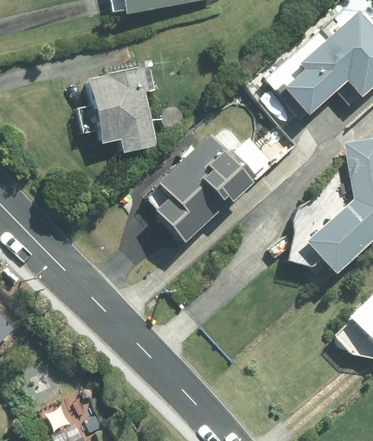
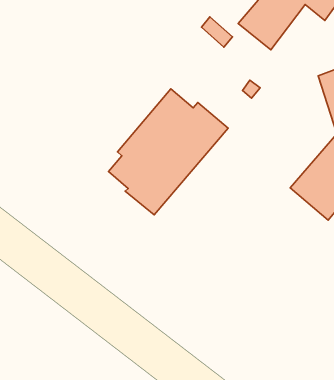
building: [88,68,158,152] -> none

